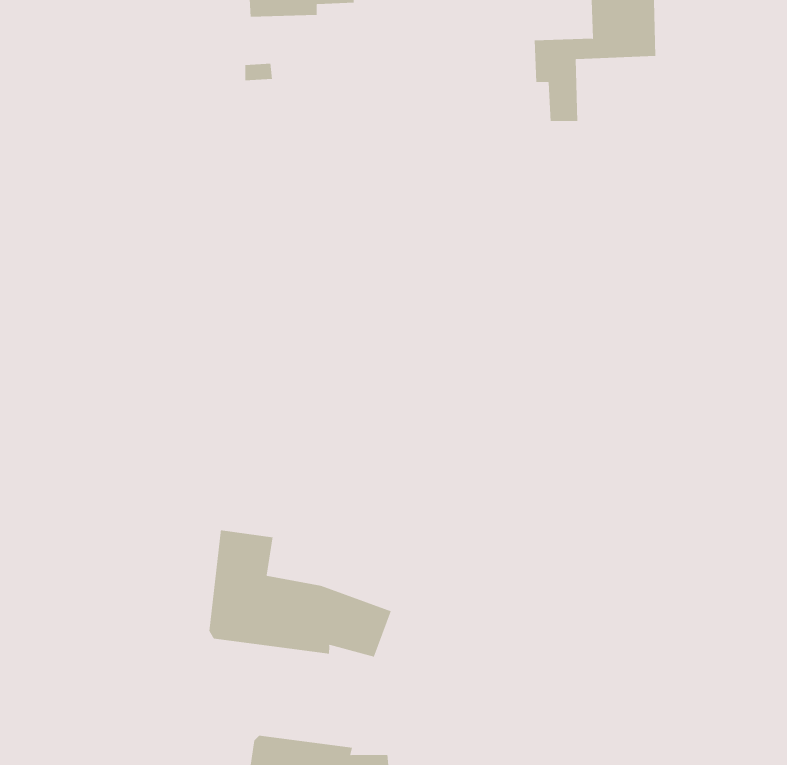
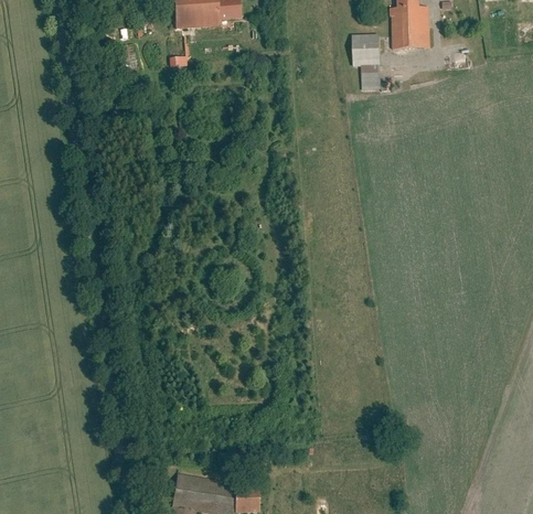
building: [209,529,391,657] -> none

